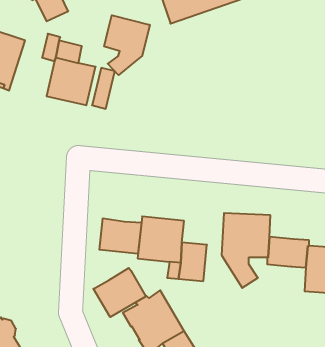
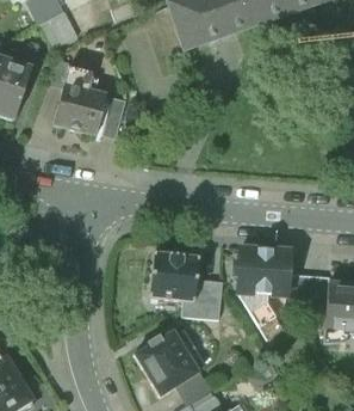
building: [104,15,150,75] -> none
building: [99,218,141,254] -> none
building: [93,268,146,317] -> none

